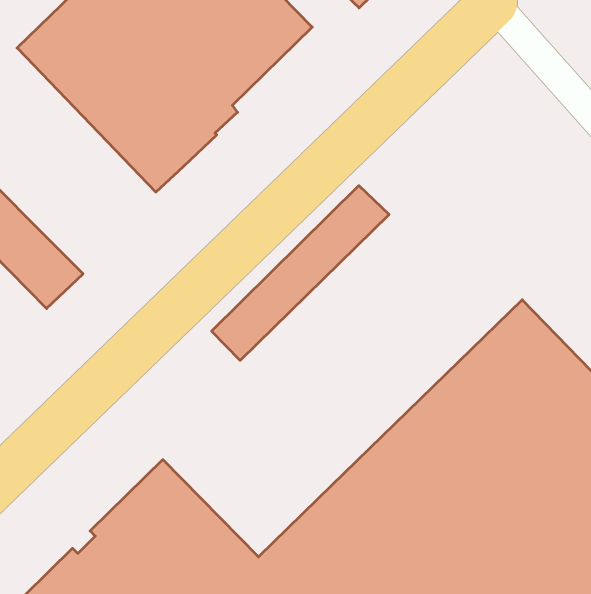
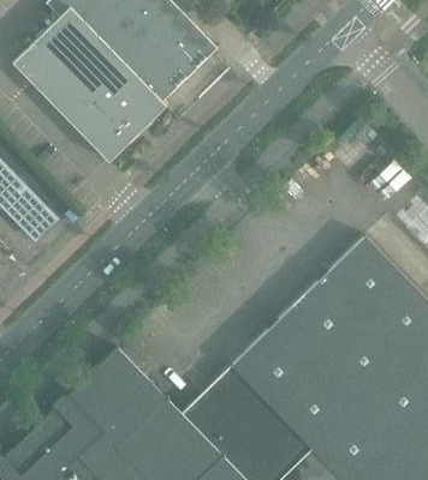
building: [212,186,389,360] -> none

